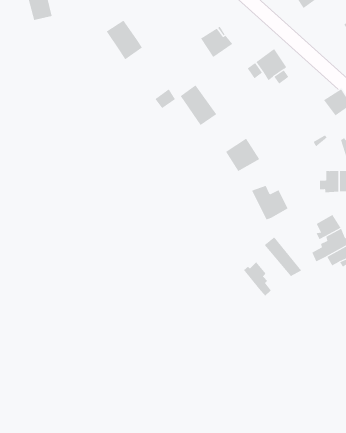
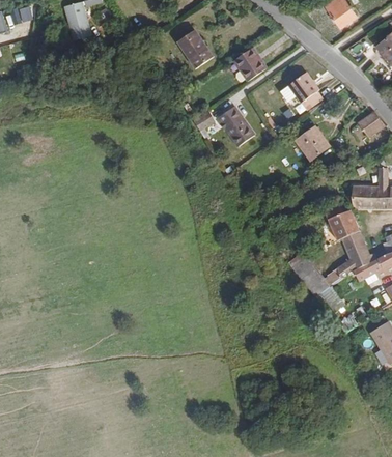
building: [106,20,143,60] -> [175,29,212,68]
building: [225,138,260,172] -> [297,126,331,160]
building: [251,185,288,220] -> [327,207,363,241]
building: [243,262,272,297] -> none

